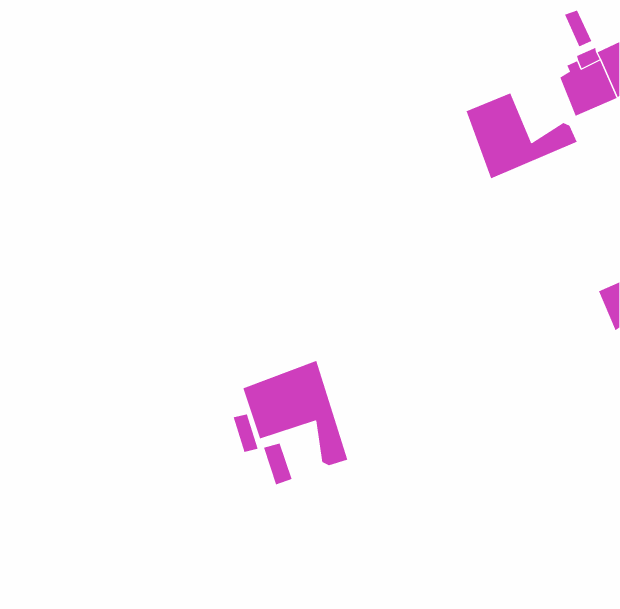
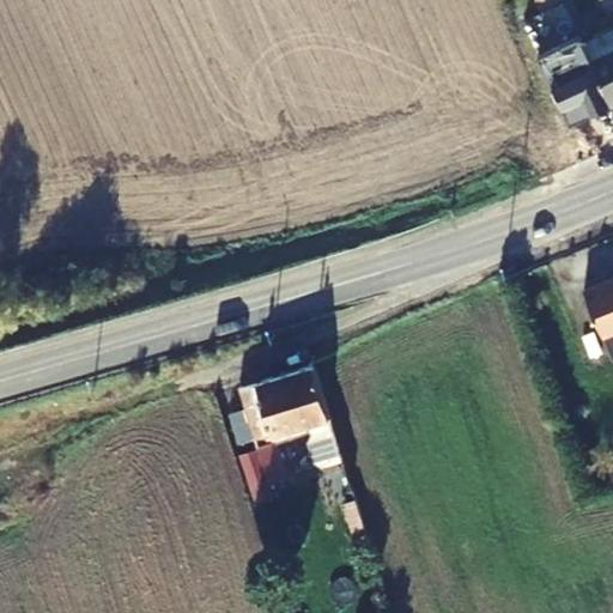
building: [466,93,577,179] -> none

